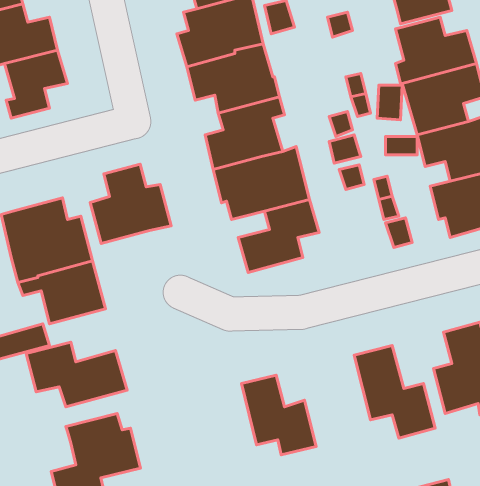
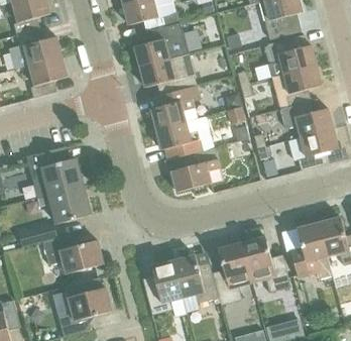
building: [90,164,171,243] -> none
building: none -> [213,242,251,305]
building: none -> [144,259,186,317]

